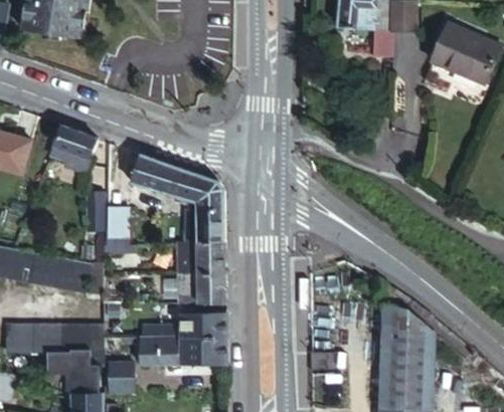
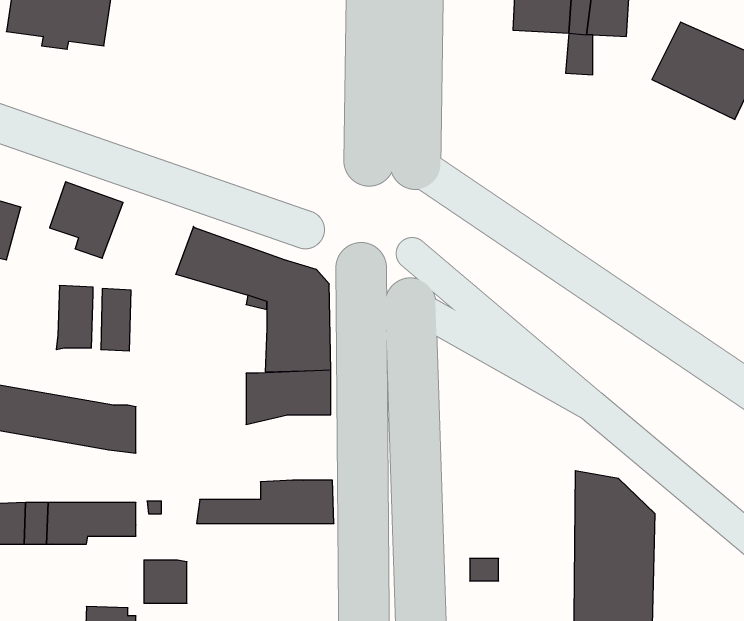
building: [103,206,126,246] -> [56,286,93,350]
building: [172,270,226,302] -> none
building: [141,339,227,363] -> none
building: [48,347,103,392] -> none

